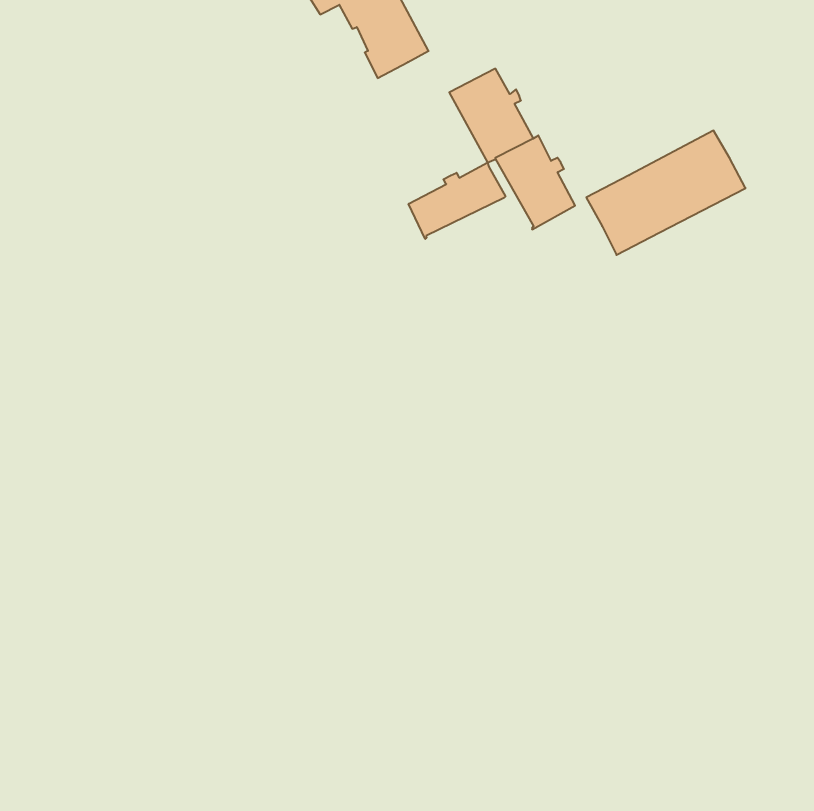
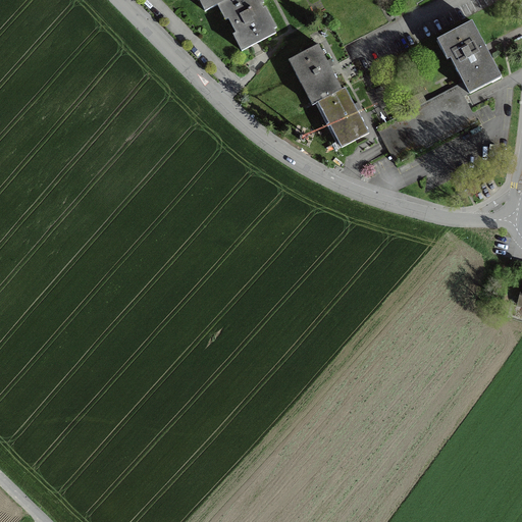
building: none -> [439,20,501,93]
building: [409,163,505,239] -> none

